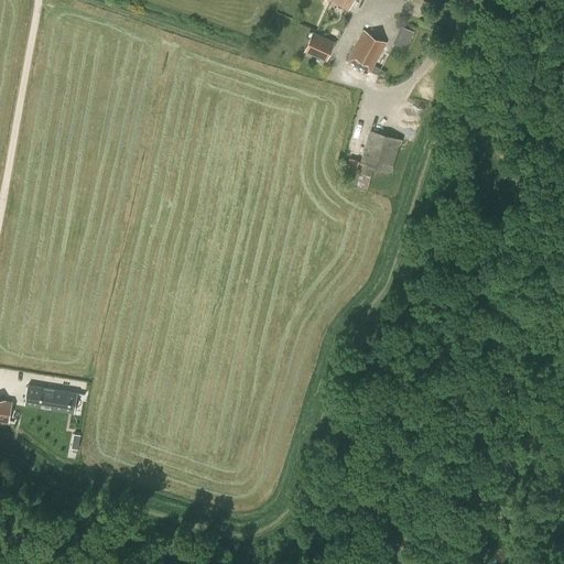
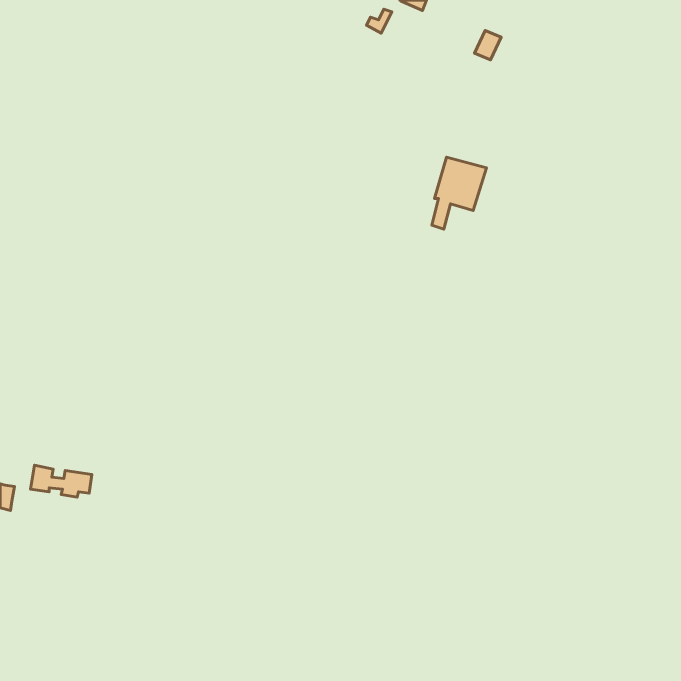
building: [348,31,387,73] -> none
building: [304,32,335,61] -> none

